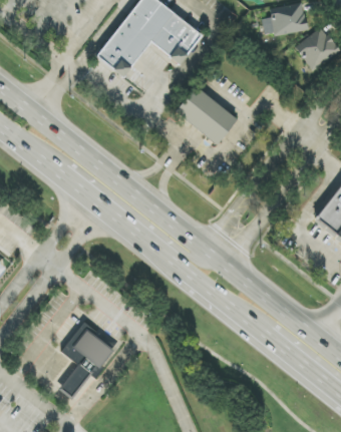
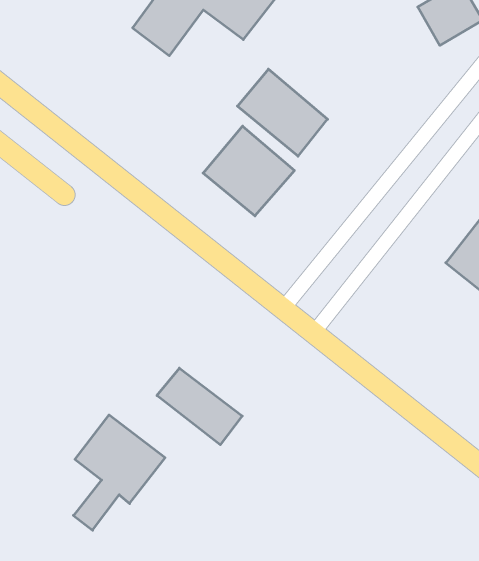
building: none -> [203,126,294,216]
building: none -> [157,368,242,445]

